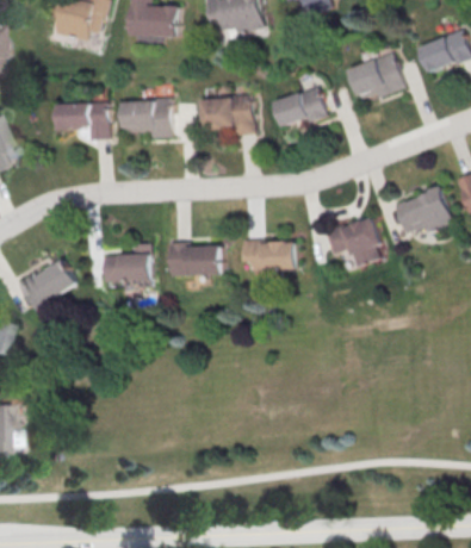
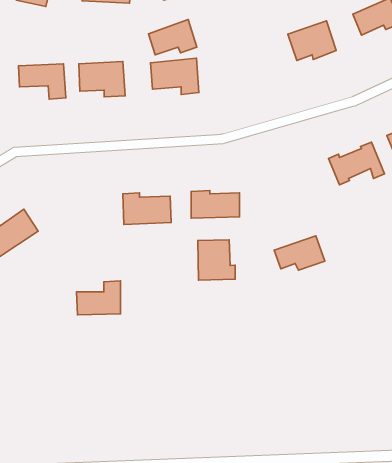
building: [275,87,328,125] -> [149,20,197,55]
building: [327,218,382,255] -> [274,236,325,270]
building: [105,244,153,281] -> [76,281,120,315]
building: none -> [198,240,235,280]

